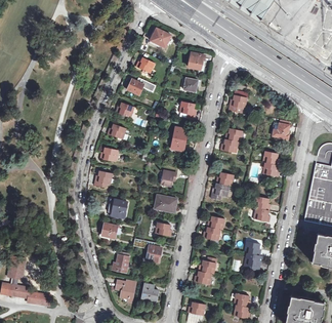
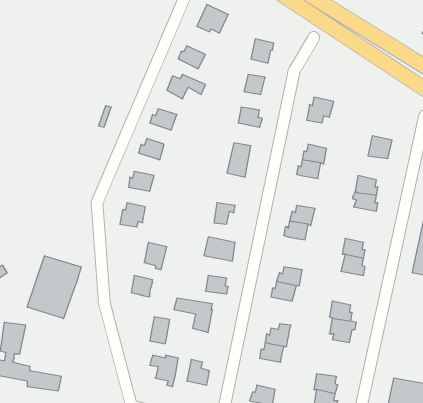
building: none -> [27,256,81,319]

